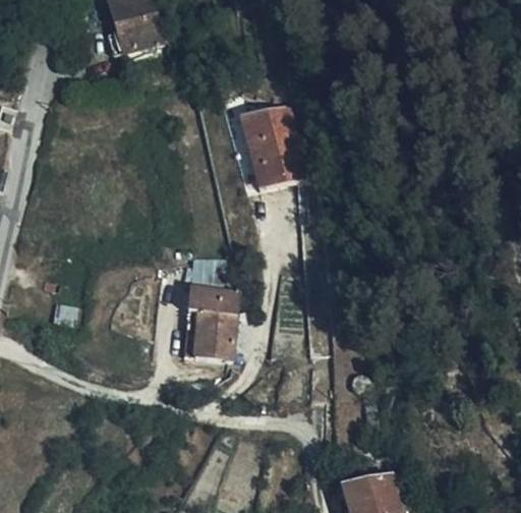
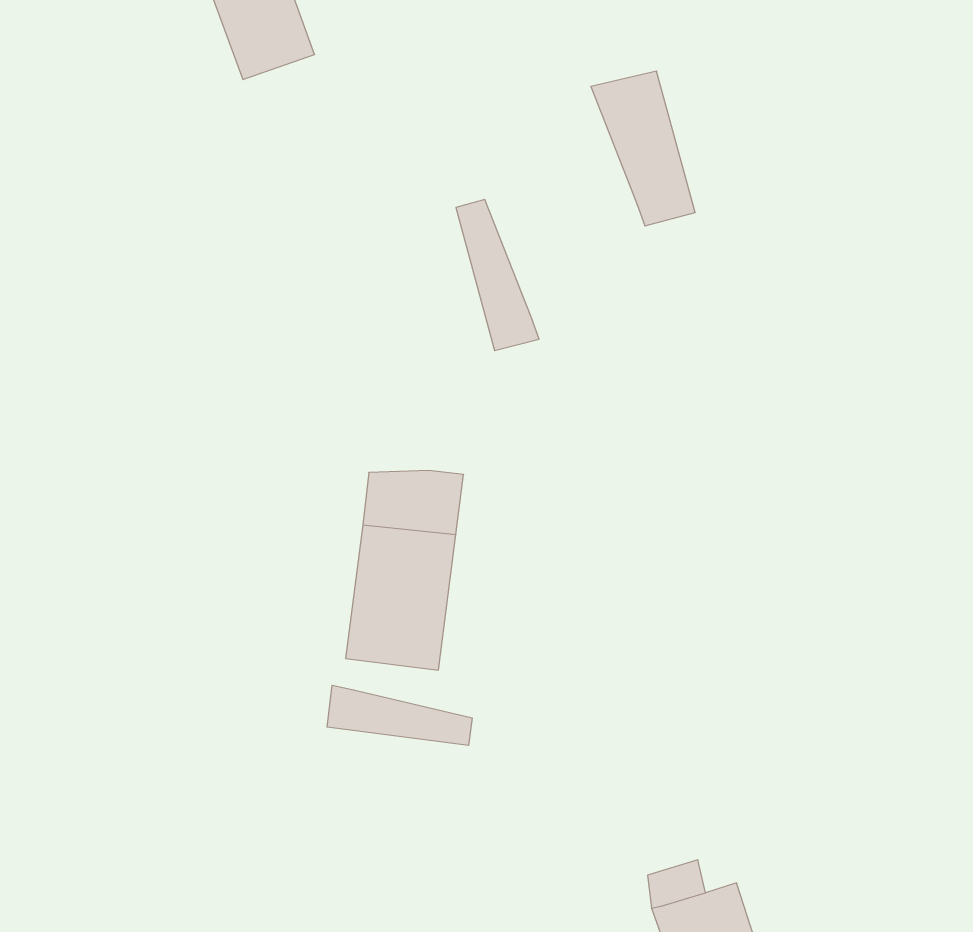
building: [255,106,310,187] -> [591,71,695,226]
building: none -> [327,685,472,745]

